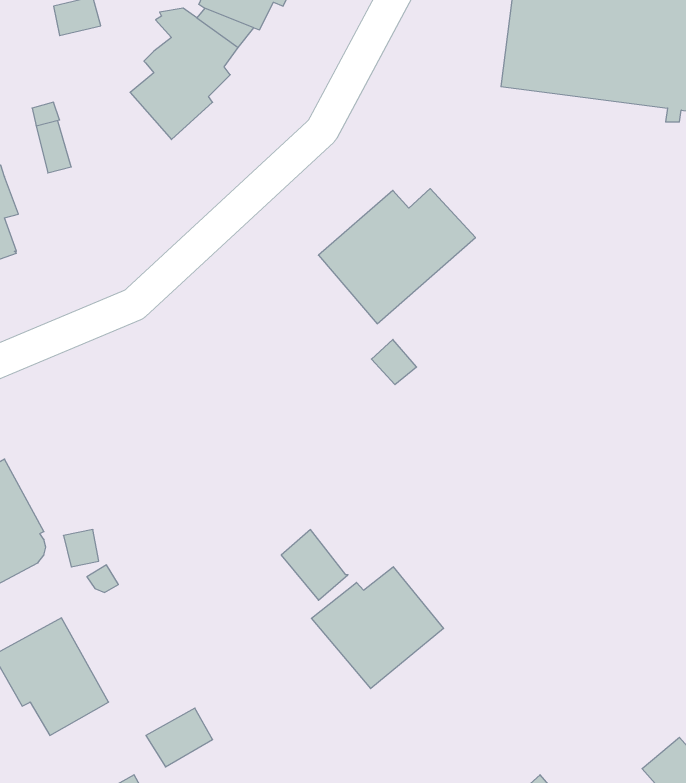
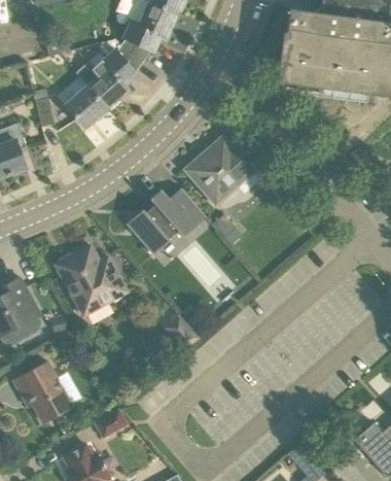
building: none -> [62,84,106,129]
building: none -> [128,188,205,254]
building: none -> [55,246,127,317]
building: [311,567,444,689] -> none

